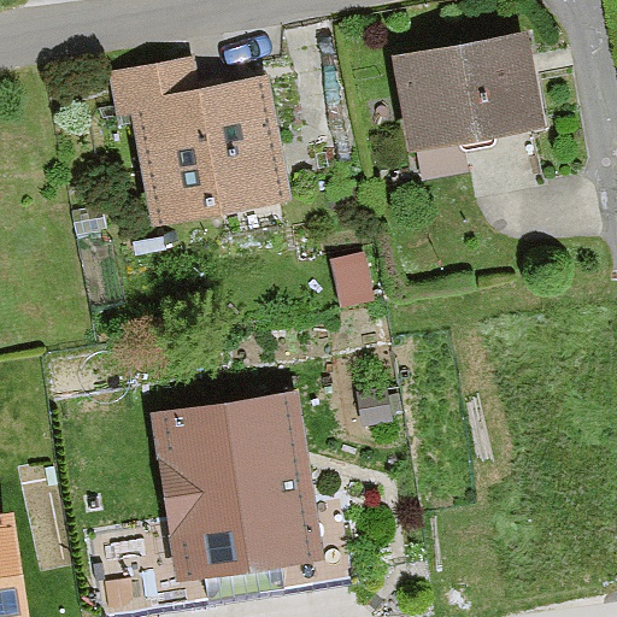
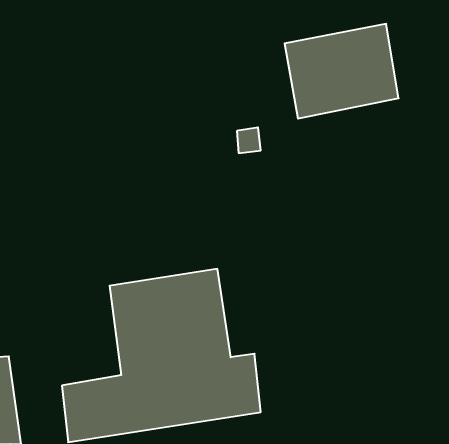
building: [106,51,289,231] -> none

